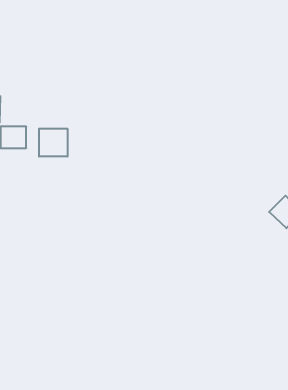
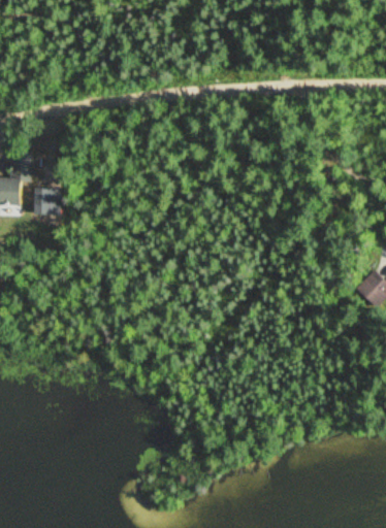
building: [39,129,67,157] -> none

